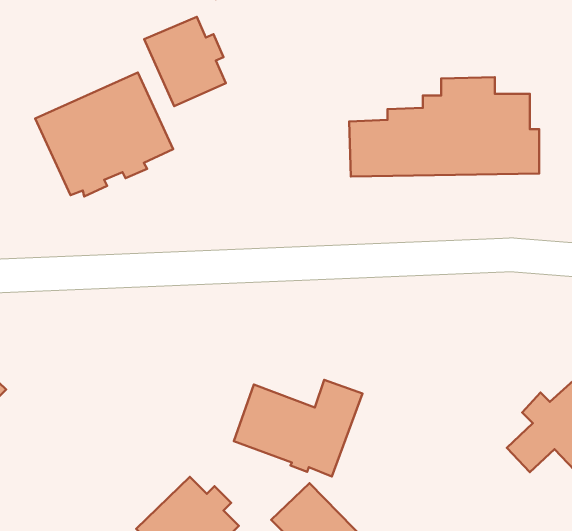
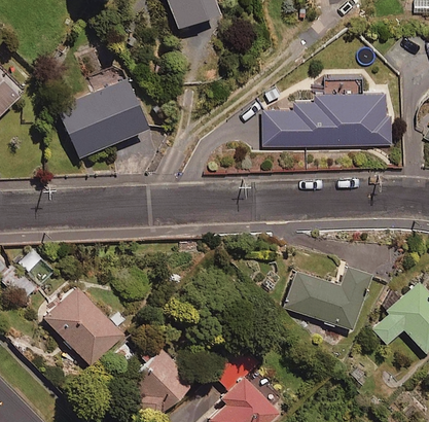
building: [144,17,226,106] -> none
building: [234,380,362,476] -> [286,268,372,332]
building: none -> [44,287,129,366]

